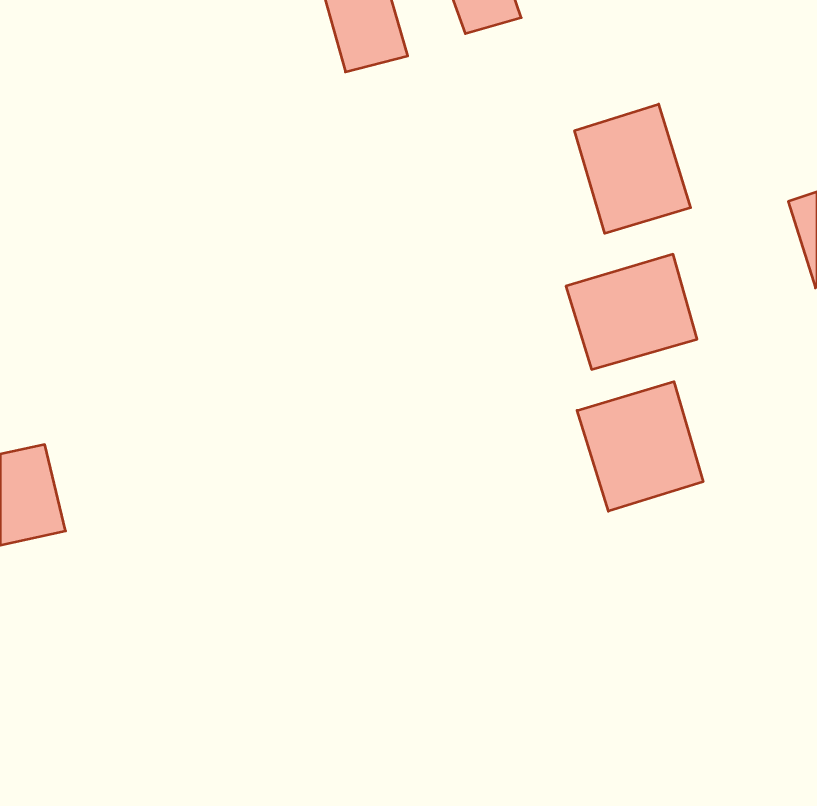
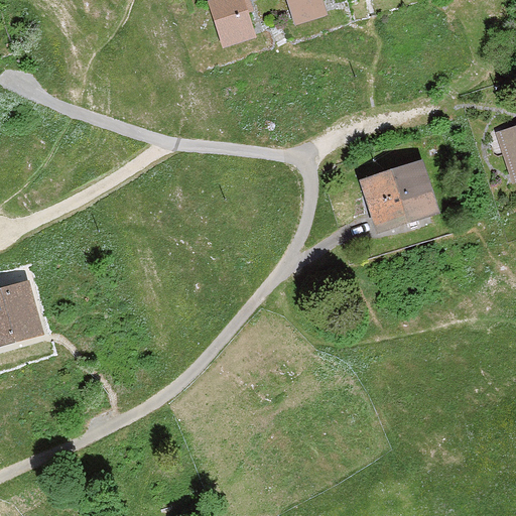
building: [575,104,691,233] -> none
building: [577,382,703,511] -> none

